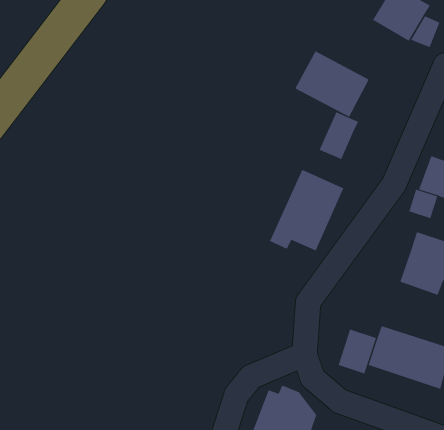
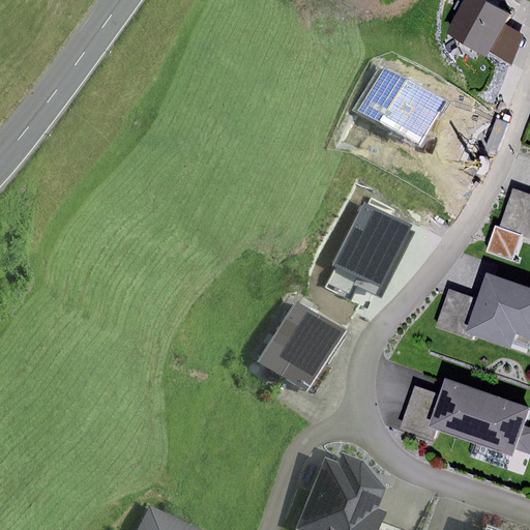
building: [319,112,359,160] -> none
building: none -> [440,289,488,340]
building: none -> [259,302,343,390]

